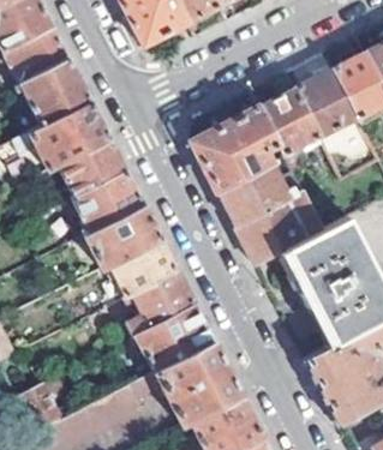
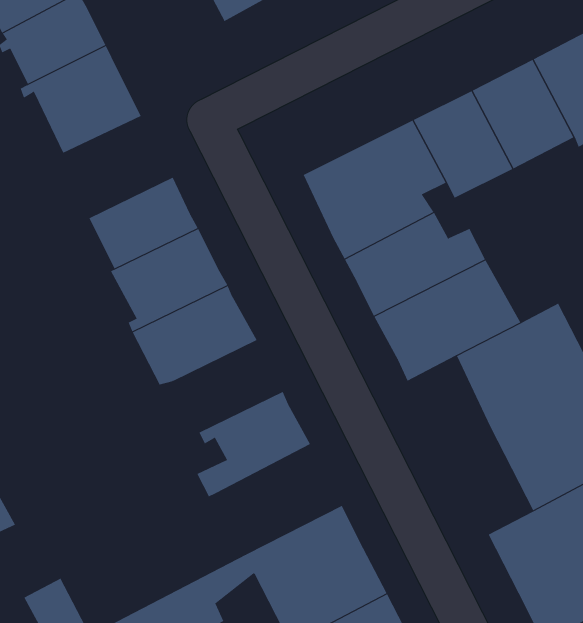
building: [12,104,110,172] -> none
building: [110,241,178,298] -> none
building: [137,305,214,372] -> none

